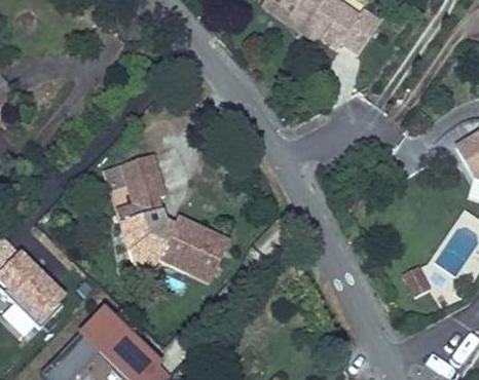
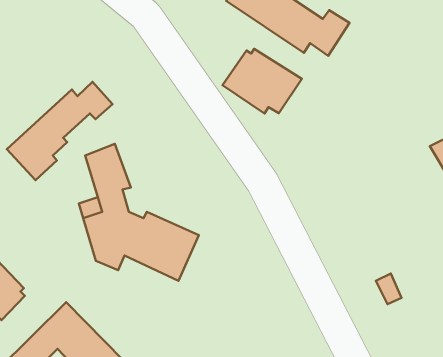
building: none -> [222,49,302,113]
building: none -> [7,82,112,180]

